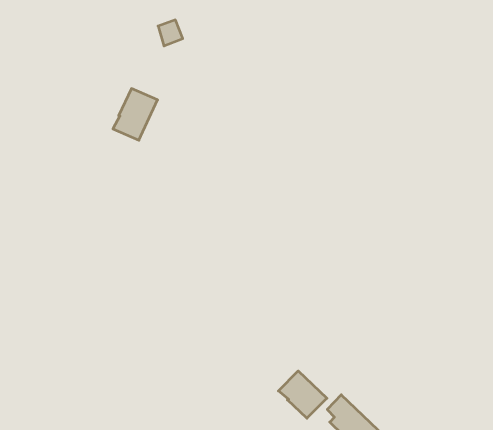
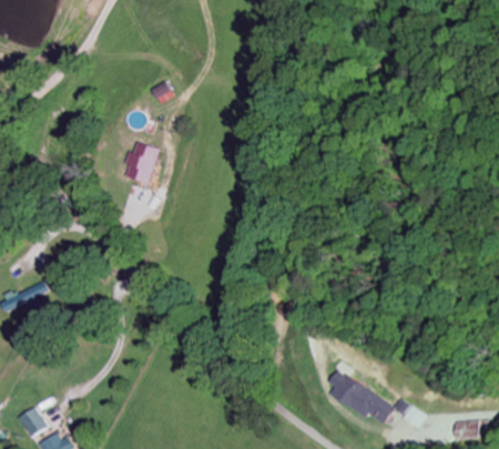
building: [278,371,327,418] -> none

